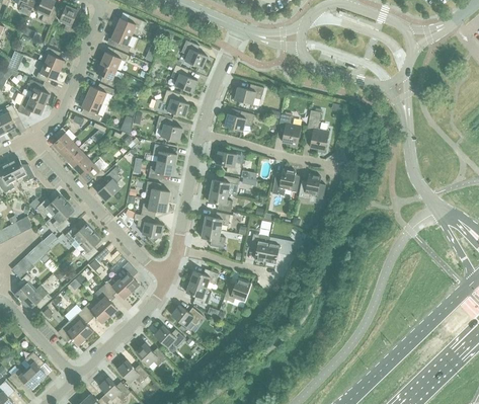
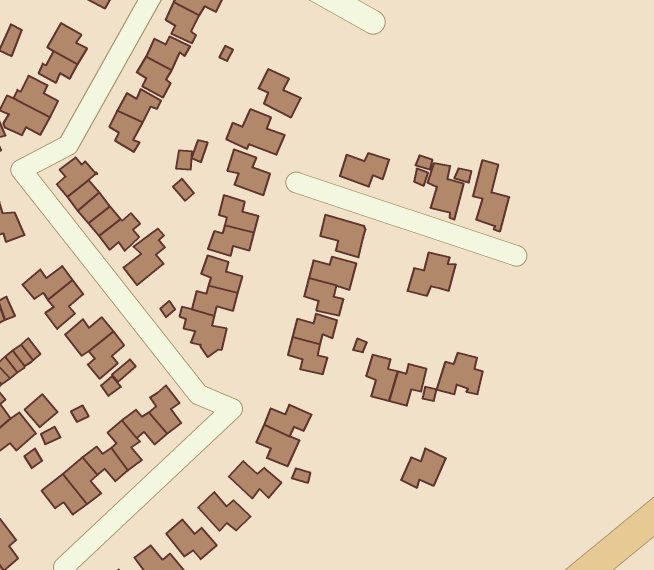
building: [180,41,207,69] -> none
building: [233,84,263,104] -> none
building: [297,174,324,199] -> [436,353,483,394]
building: [223,278,249,303] -> [401,448,446,488]

